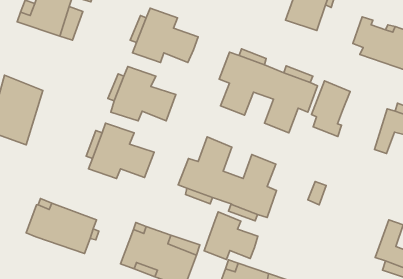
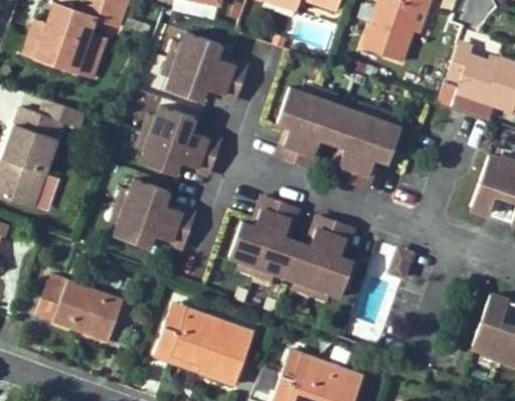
building: none -> [8,98,79,137]
building: [312,81,350,136] -> none
building: [204,212,258,260] -> none

